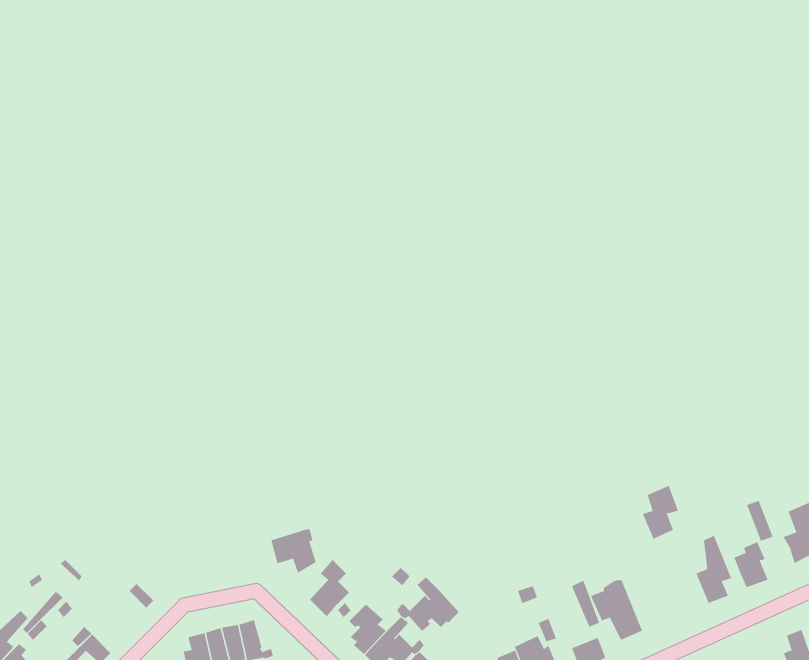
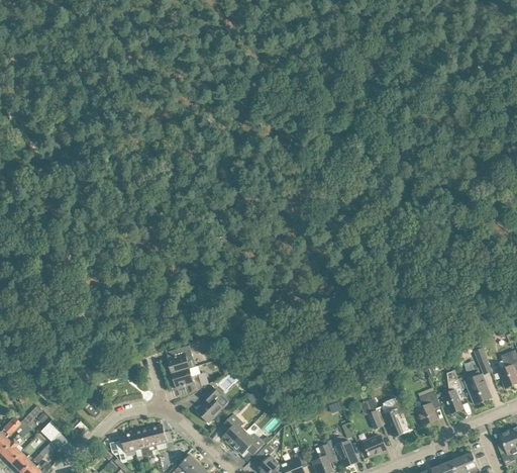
building: [642,485,679,539] -> [416,390,439,424]
building: none -> [167,345,195,373]
building: [397,577,459,632] -> none

